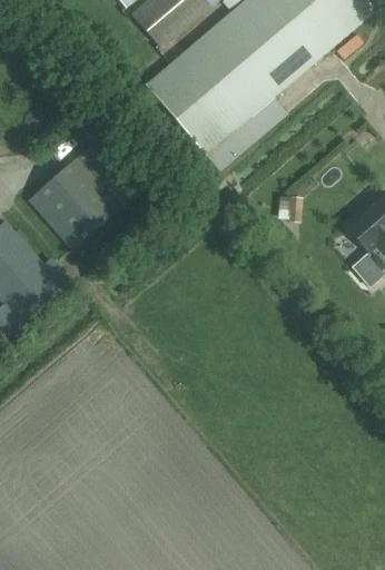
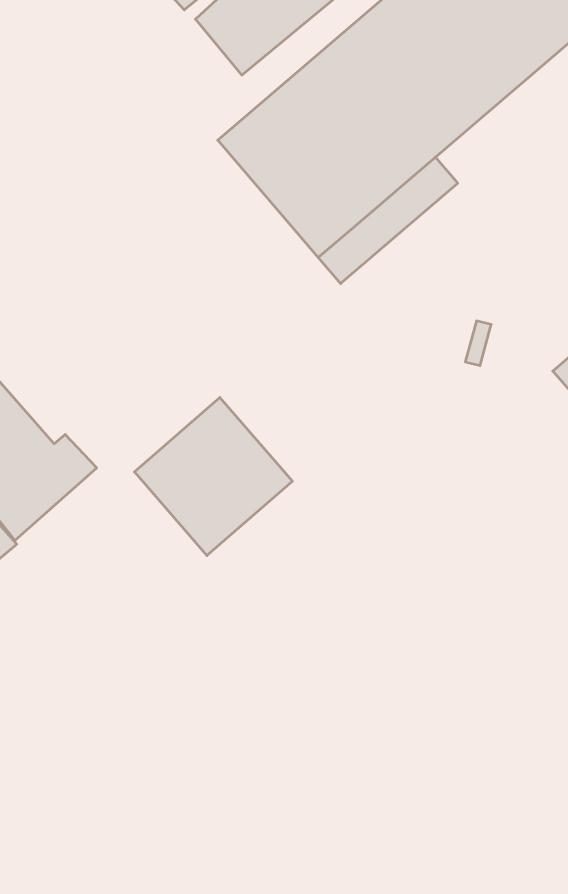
building: [28,154,122,248] -> [134,397,292,556]

